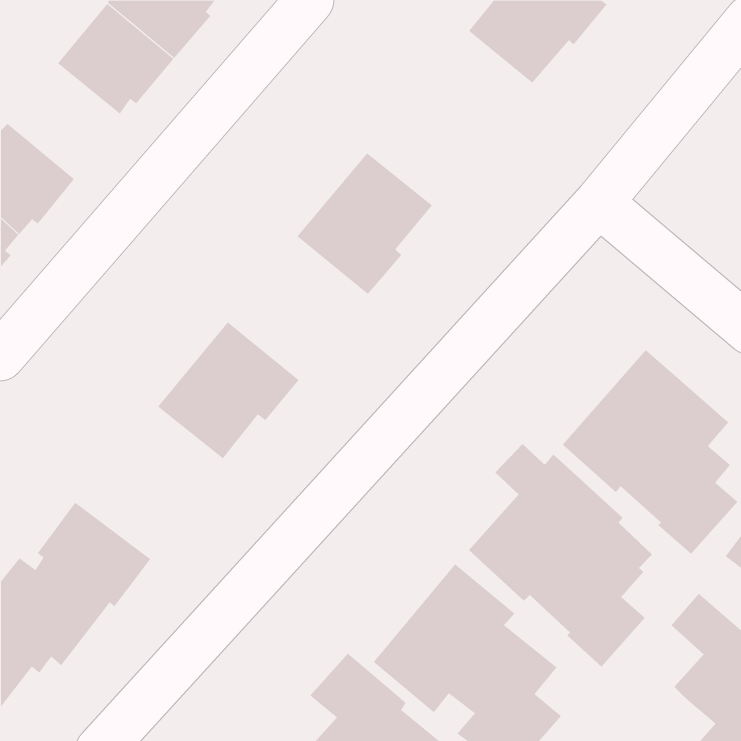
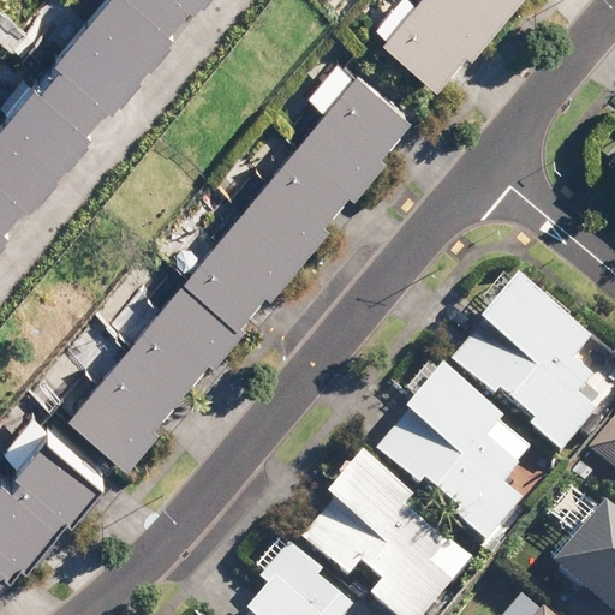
building: none -> [13,59,106,154]
building: none -> [308,62,418,180]
building: none -> [193,201,309,314]
building: none -> [79,340,190,458]

